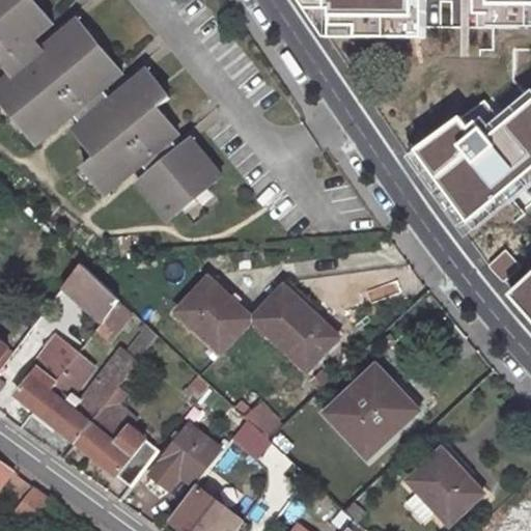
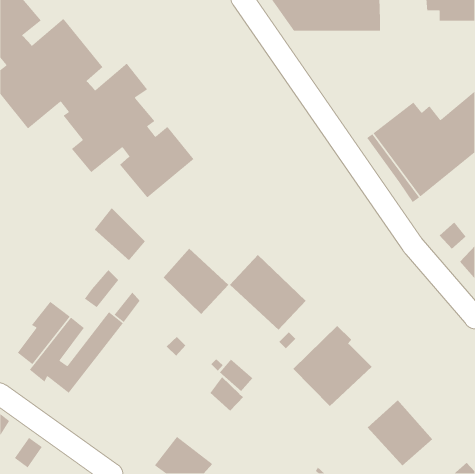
building: [62,261,120,322] -> [94,207,146,261]
building: [78,406,160,484] -> none
building: [148,422,224,488] -> none

